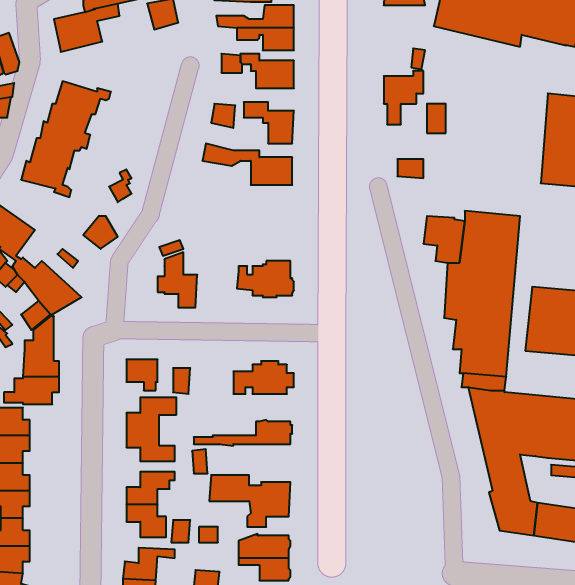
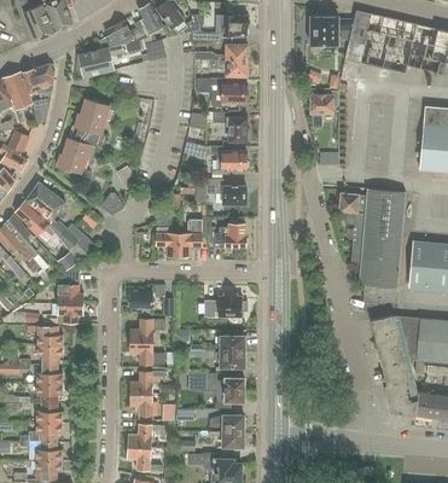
building: none -> [205,179,245,204]
building: none -> [178,216,208,256]
building: none -> [194,351,245,368]

